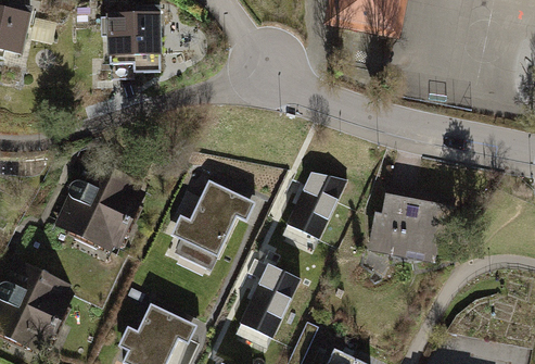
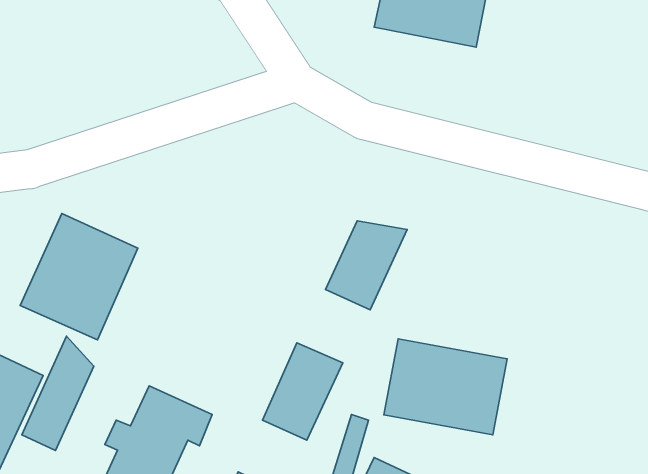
building: [98,17,155,68] -> none
building: [176,177,254,261] -> none
building: [353,187,446,260] -> [384,339,507,435]
building: none -> [22,336,94,451]

